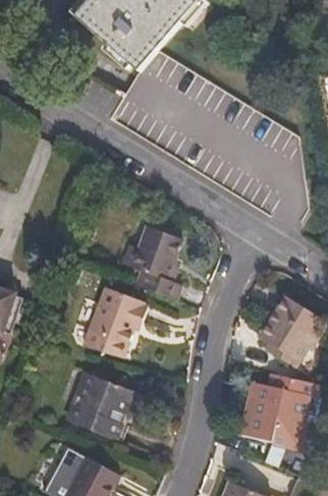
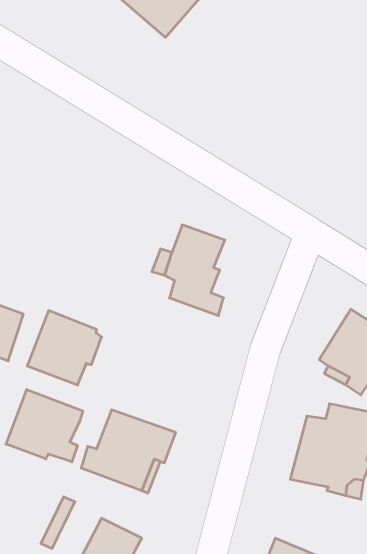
building: [89,287,149,347] -> [27,311,102,385]
building: none -> [6,389,83,462]

